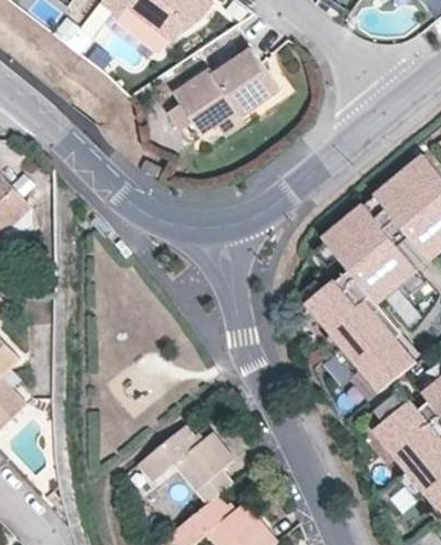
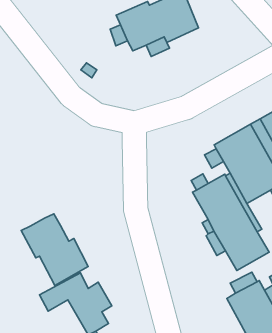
building: none -> [21,214,88,286]

